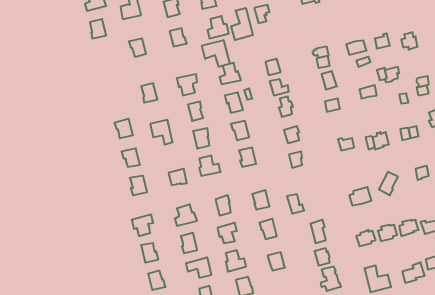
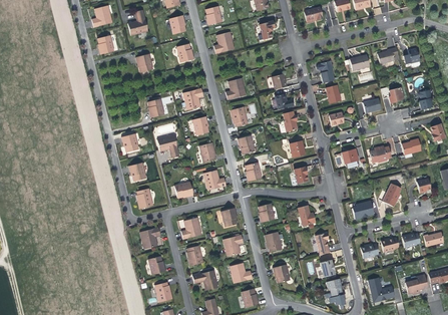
building: [231,8,253,40] -> none
building: [202,40,230,67] -> none

